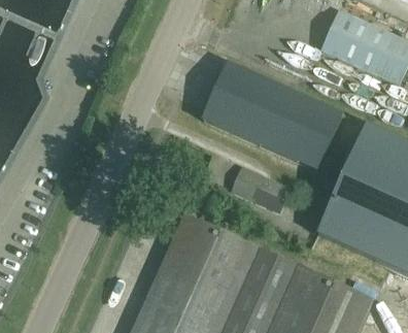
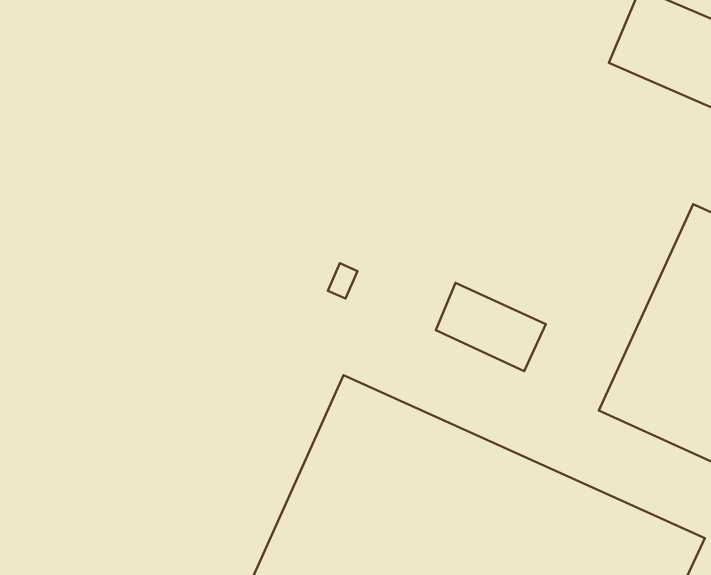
building: [203,61,342,168] -> none

